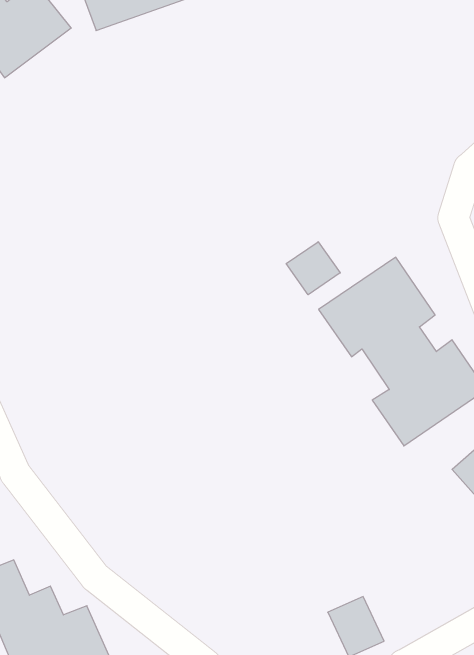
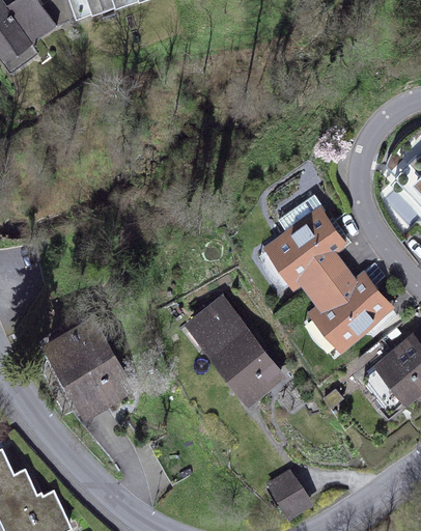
building: [286,242,340,295] -> none
building: none -> [185,302,282,410]
building: none -> [52,318,144,421]

